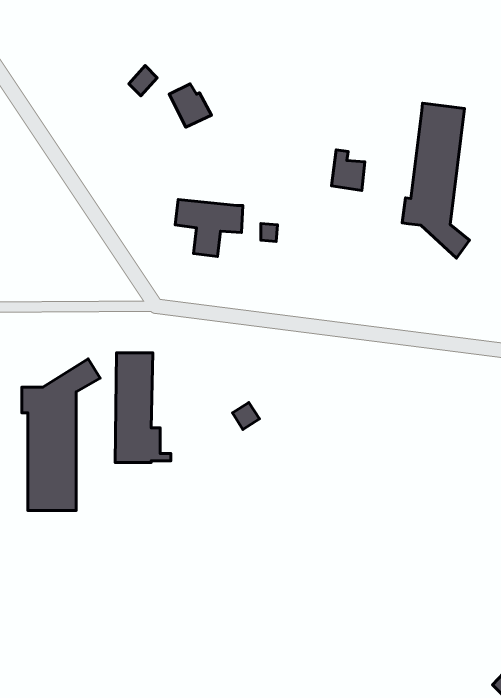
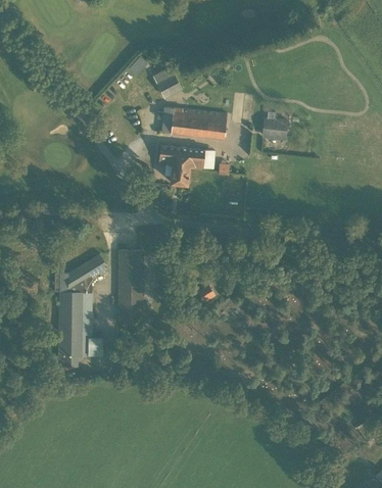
building: [402,103,469,258] -> none
building: none -> [157,108,227,140]

